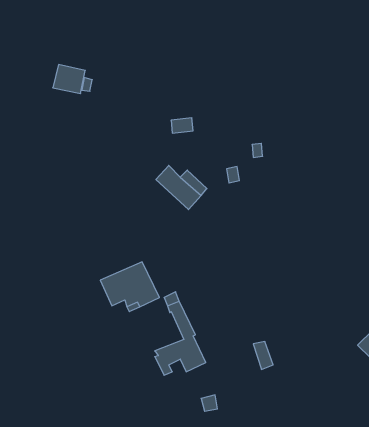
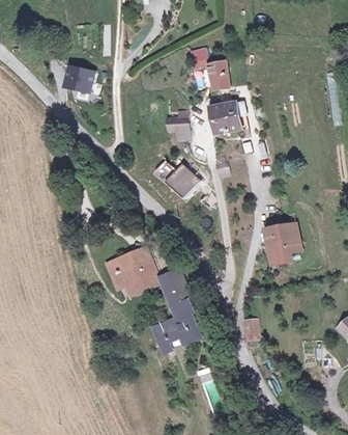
building: none -> [206,58,229,87]
building: none -> [211,103,242,135]
building: none -> [262,217,297,263]

